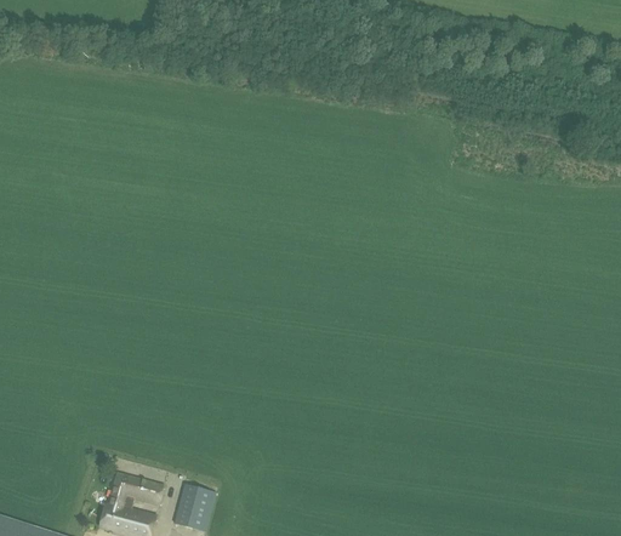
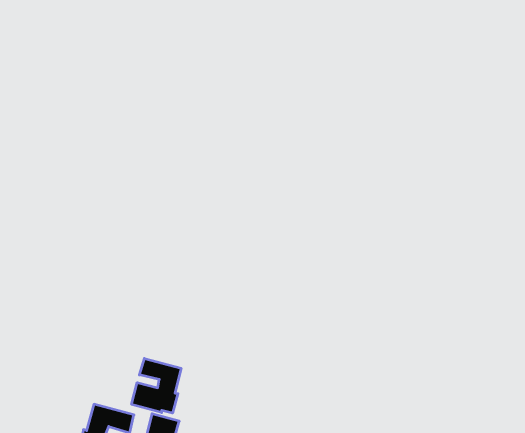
building: none -> [132,358,181,413]

